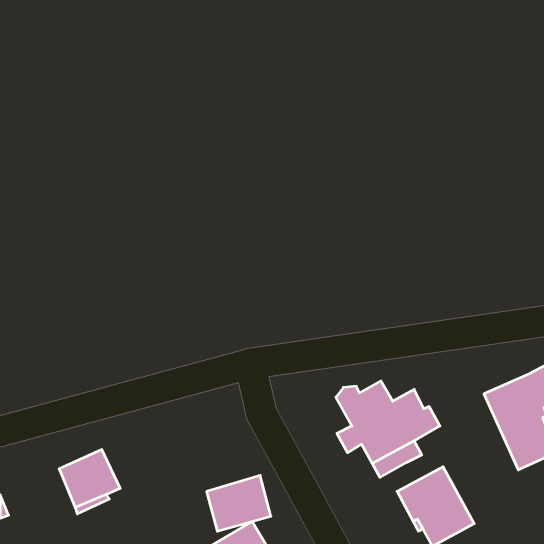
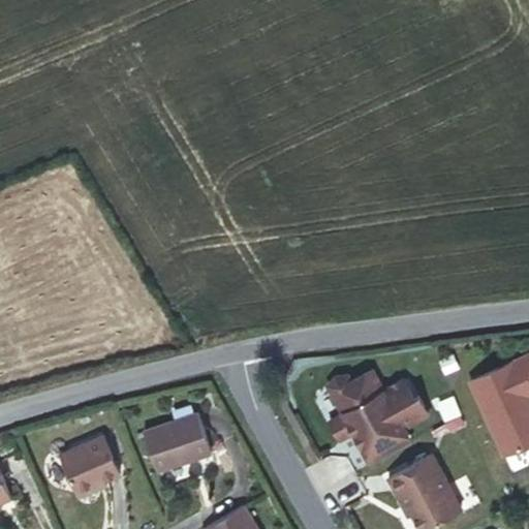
building: [207,475,271,531] -> [144,409,206,463]

